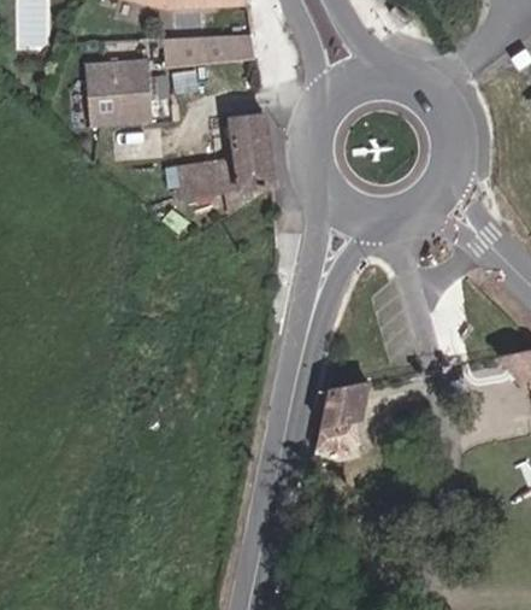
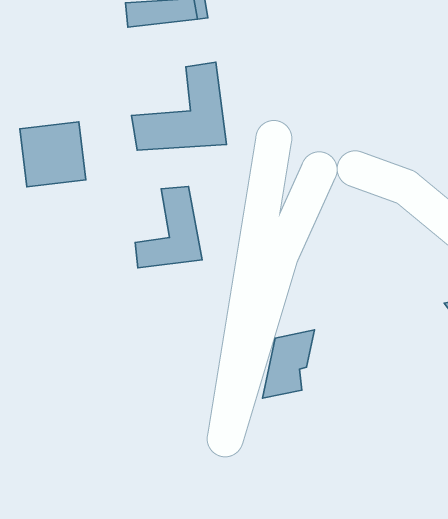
building: [90,66,159,134] -> [20,122,86,187]
building: none -> [135,187,202,268]

